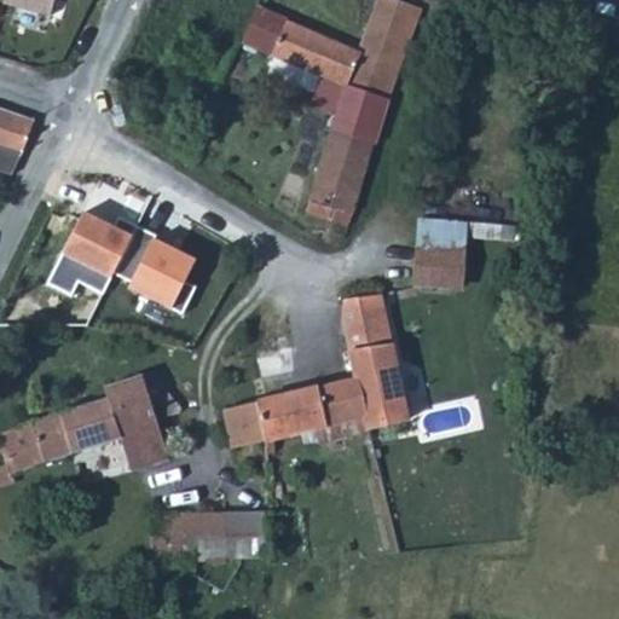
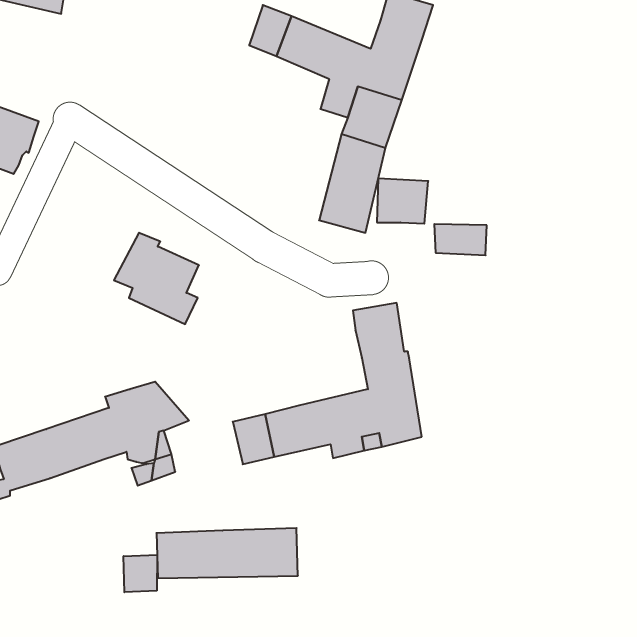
building: [44,209,134,295] -> none
building: [420,244,469,288] -> [377,179,428,224]
building: none -> [124,555,157,592]

